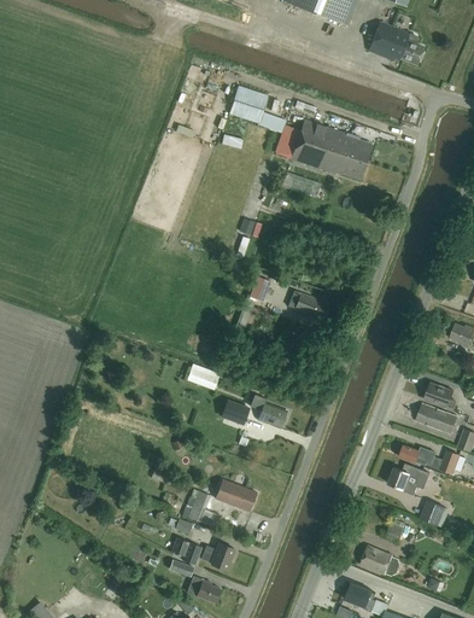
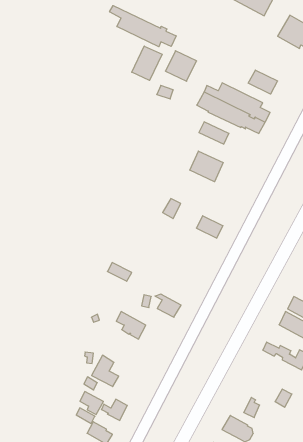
building: none -> [110,6,176,47]
building: none -> [132,46,162,80]
building: none -> [248,70,278,94]
building: none -> [190,151,223,182]
building: [386,464,423,495] -> none
building: [217,479,256,512] -> [116,312,146,339]

